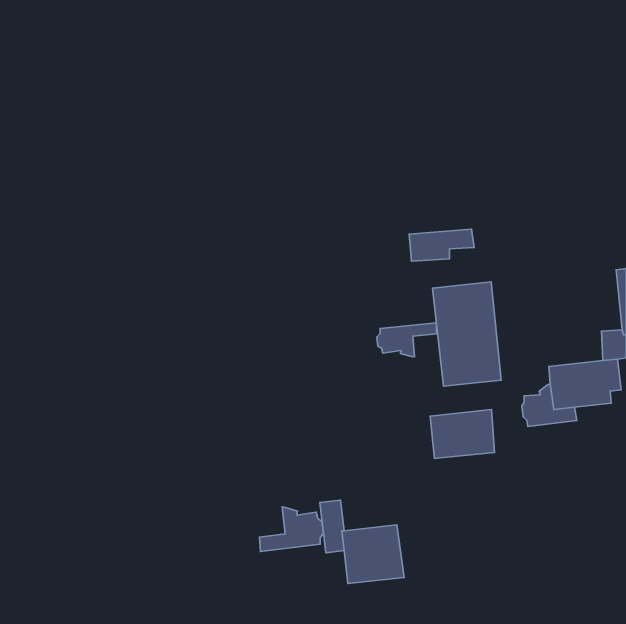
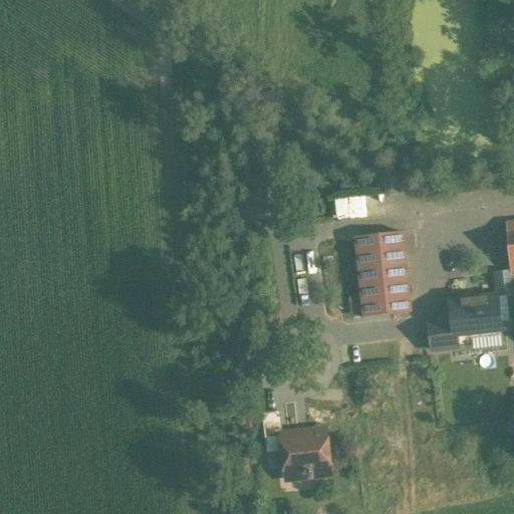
building: [377,323,437,357] -> none
building: [430,410,494,459] -> none
building: [260,507,323,552] -> none

